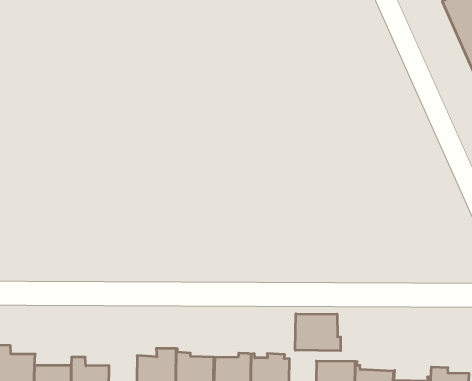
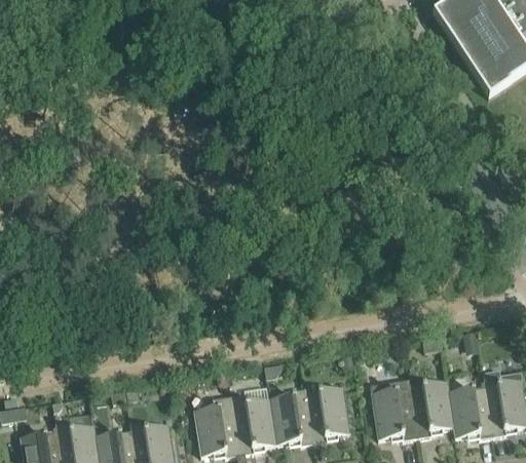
building: [295,314,341,351] -> none

